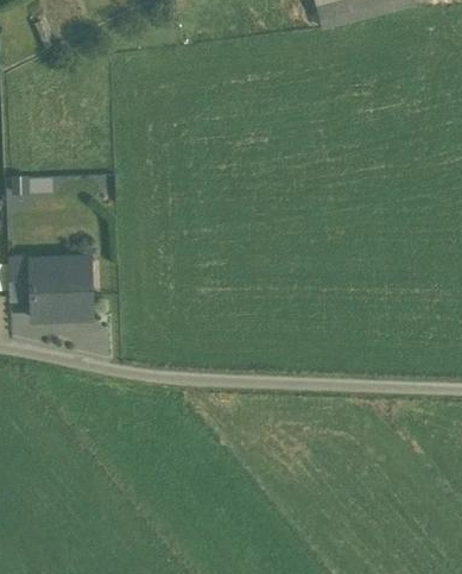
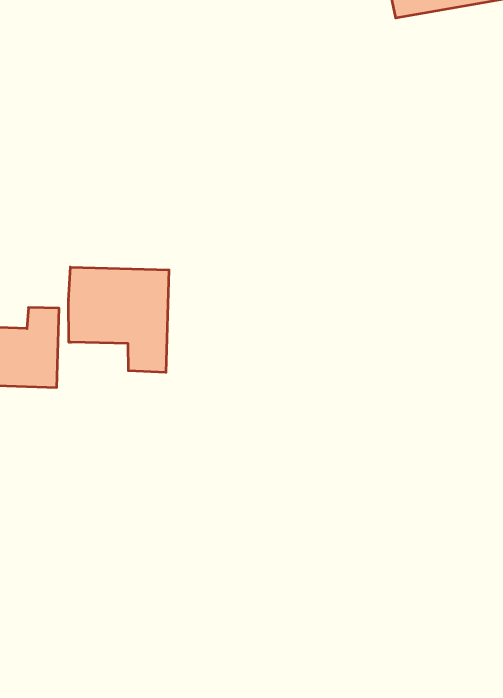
building: none -> [69,267,169,372]

